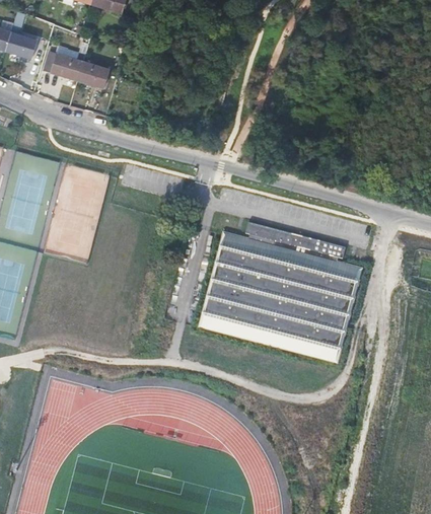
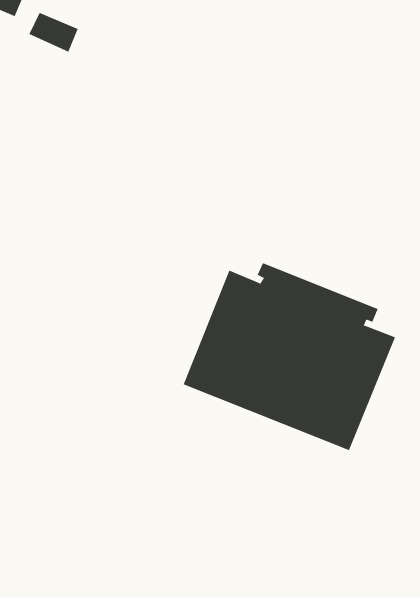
building: [76,60,107,86] -> none

